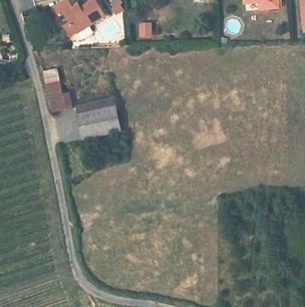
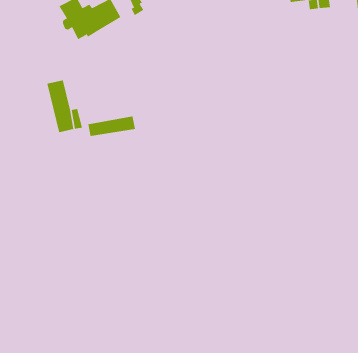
building: [77,108,119,140] -> none

